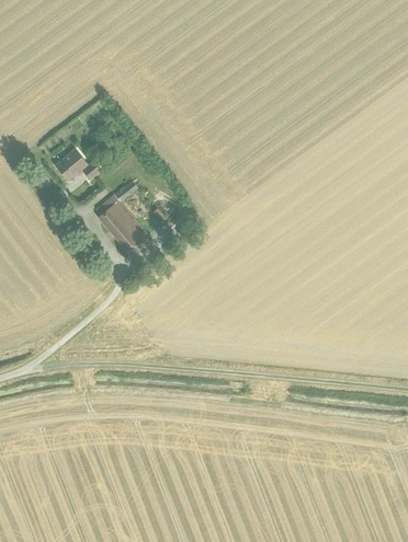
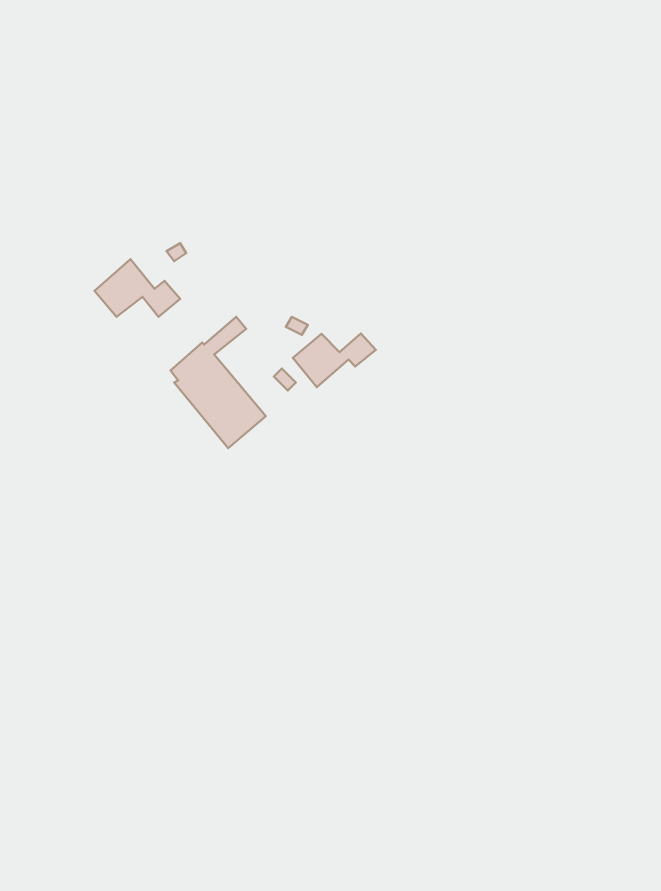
building: none -> [293,333,376,387]

